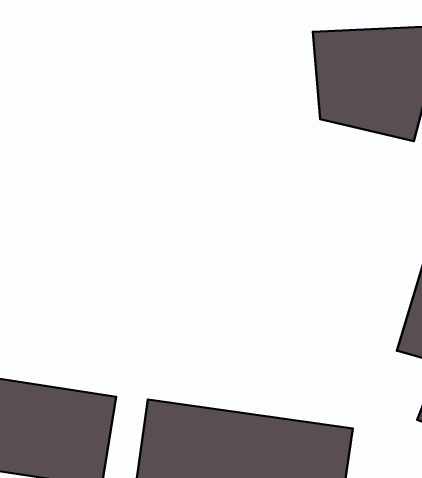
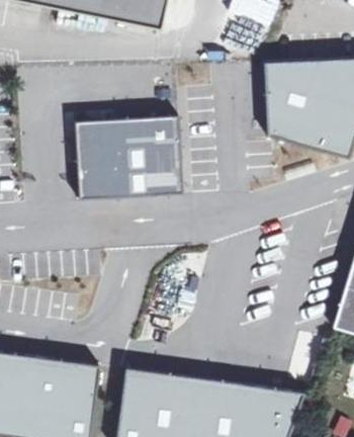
building: none -> [74,115,183,199]

